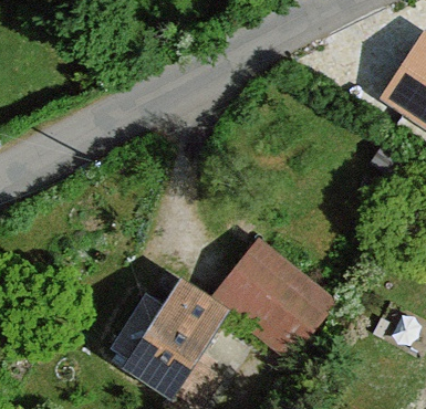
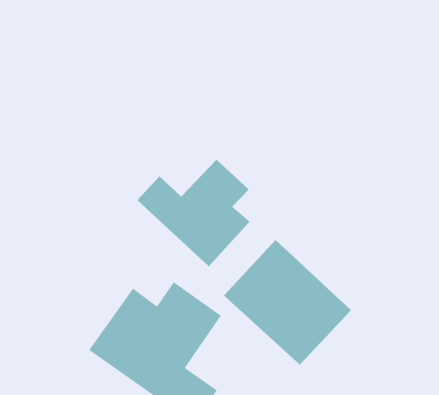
building: none -> [137,159,250,267]

